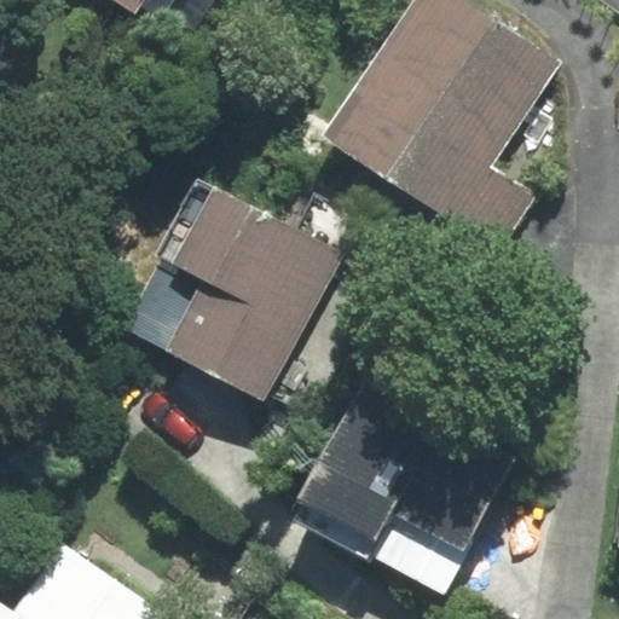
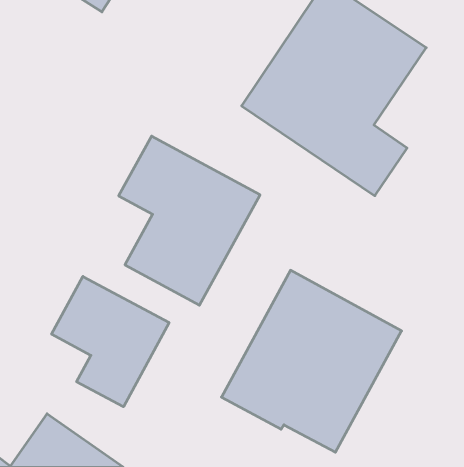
building: none -> [52,276,169,407]

